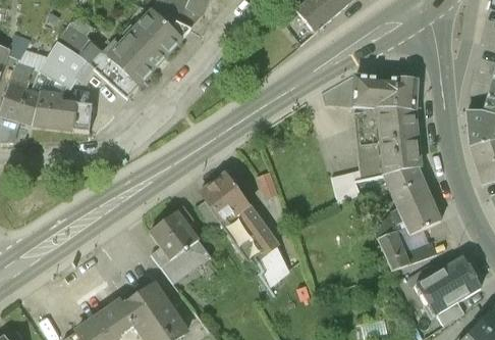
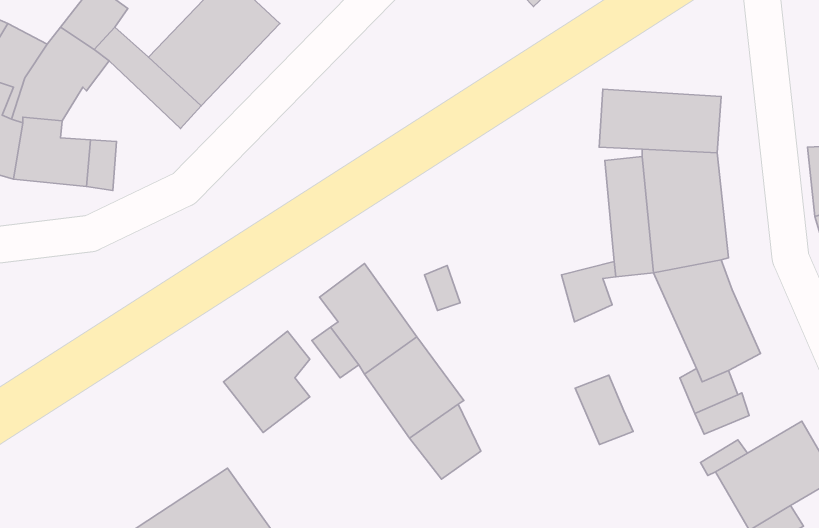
building: [322,75,354,106] -> none
building: [378,232,409,270] -> [575,375,633,445]
building: [151,242,208,287] -> none

